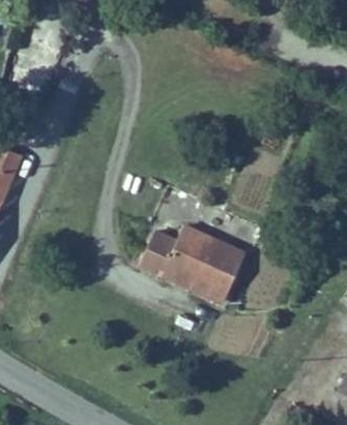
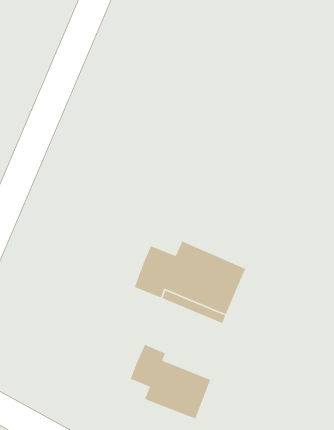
building: none -> [130,344,211,419]

